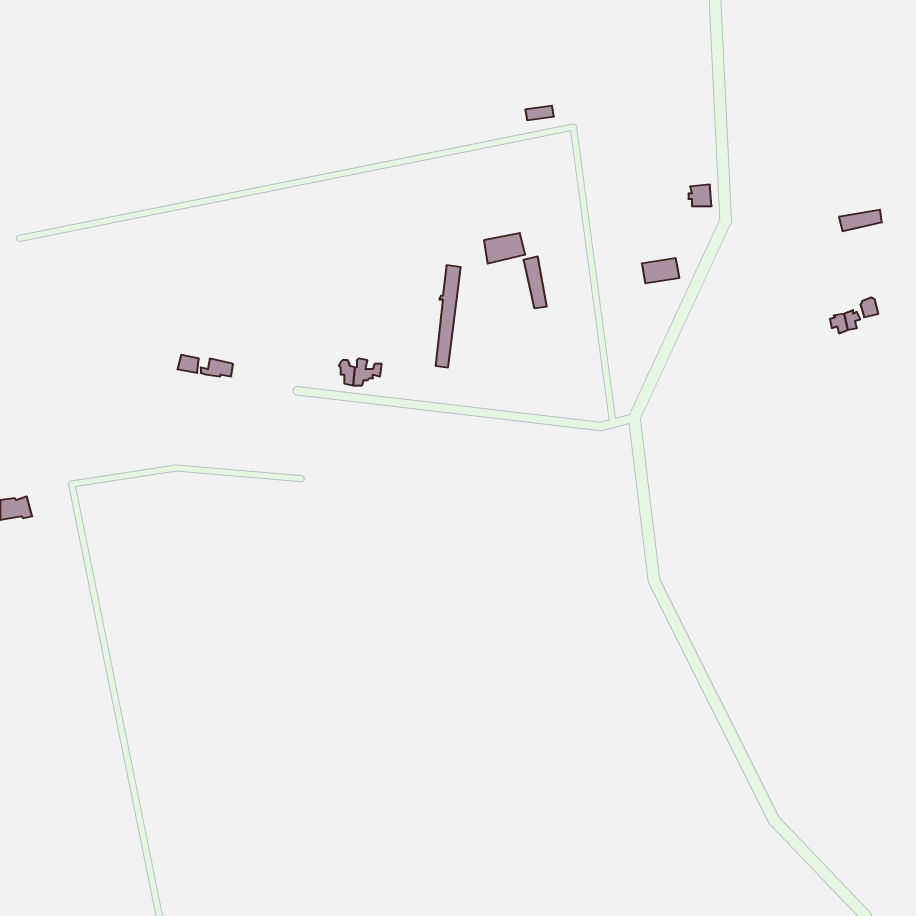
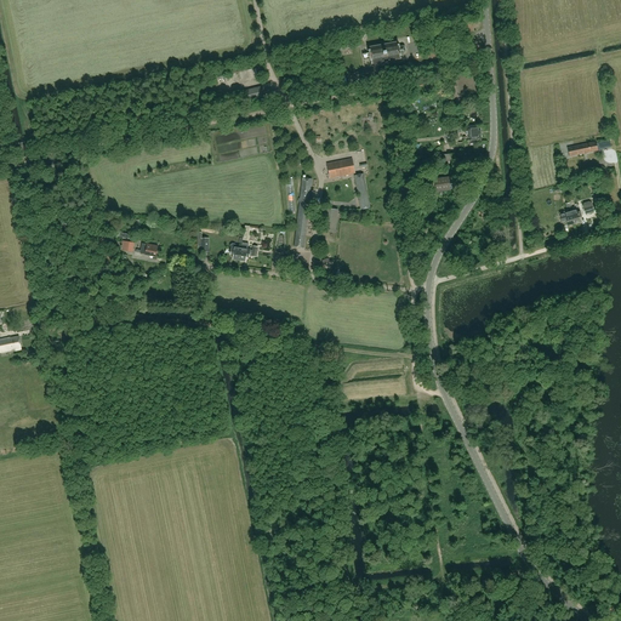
building: none -> [363,41,406,64]

